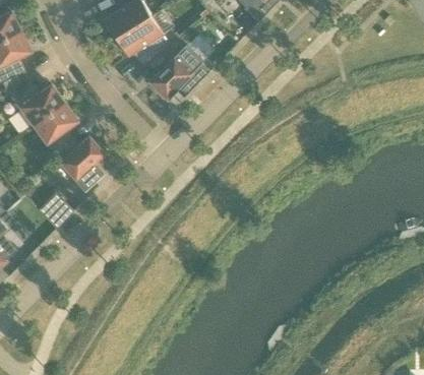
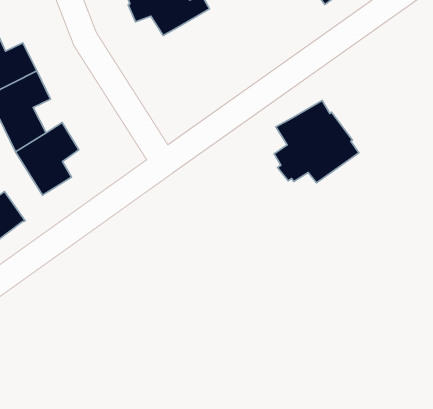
building: [147,36,209,97] -> [274,101,359,183]

